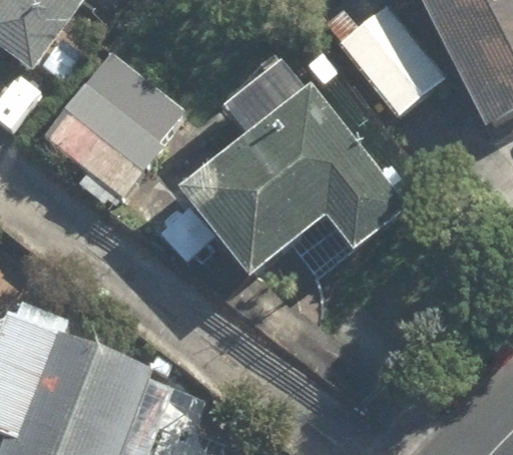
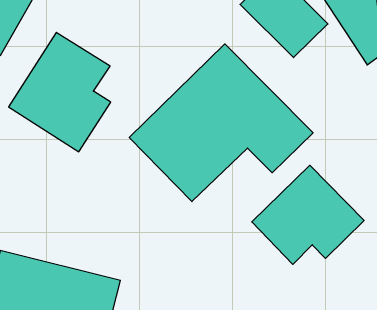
building: none -> [252,165,364,264]

